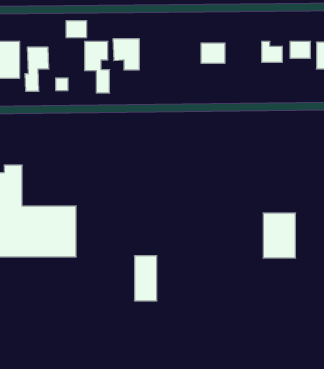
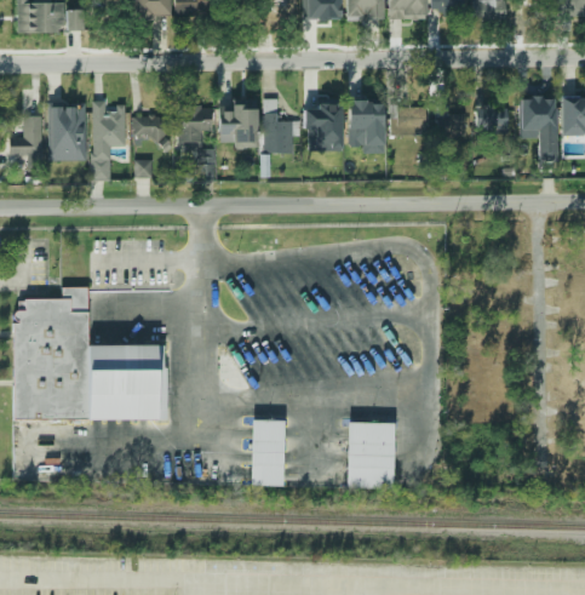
building: [66,21,87,37] -> [136,116,166,141]
building: none -> [262,99,303,153]
building: none -> [308,102,343,151]
building: none -> [394,107,428,135]
building: [263,213,296,258] -> [348,422,395,487]

